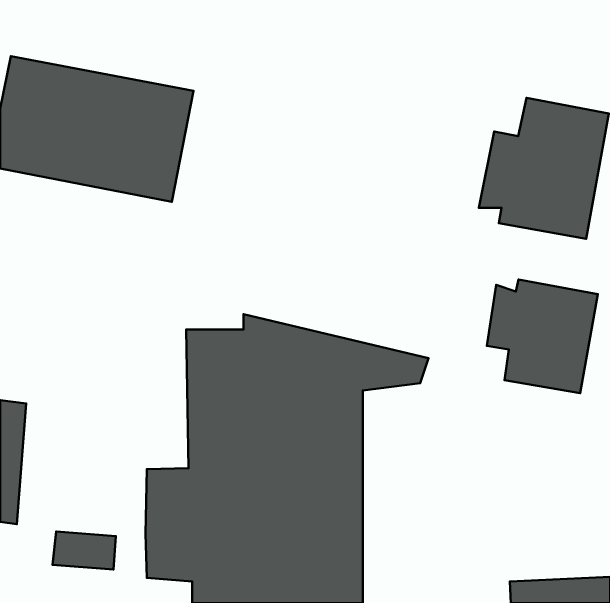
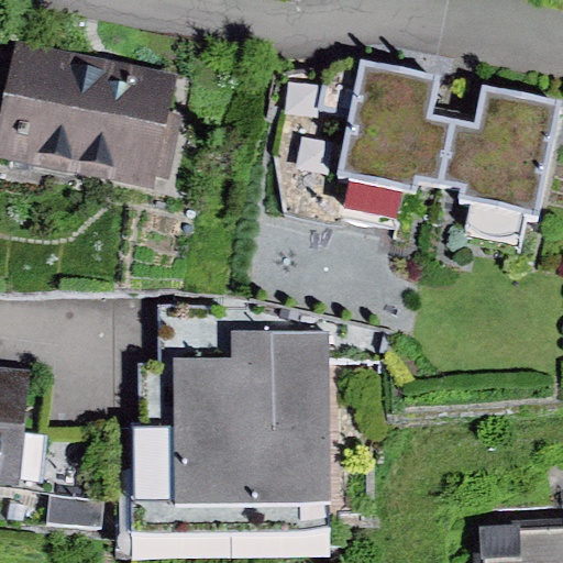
building: none -> [320,63,455,199]
building: [487,279,598,393] -> none

